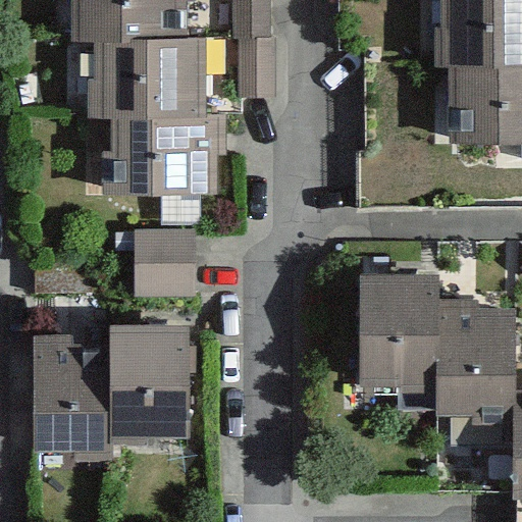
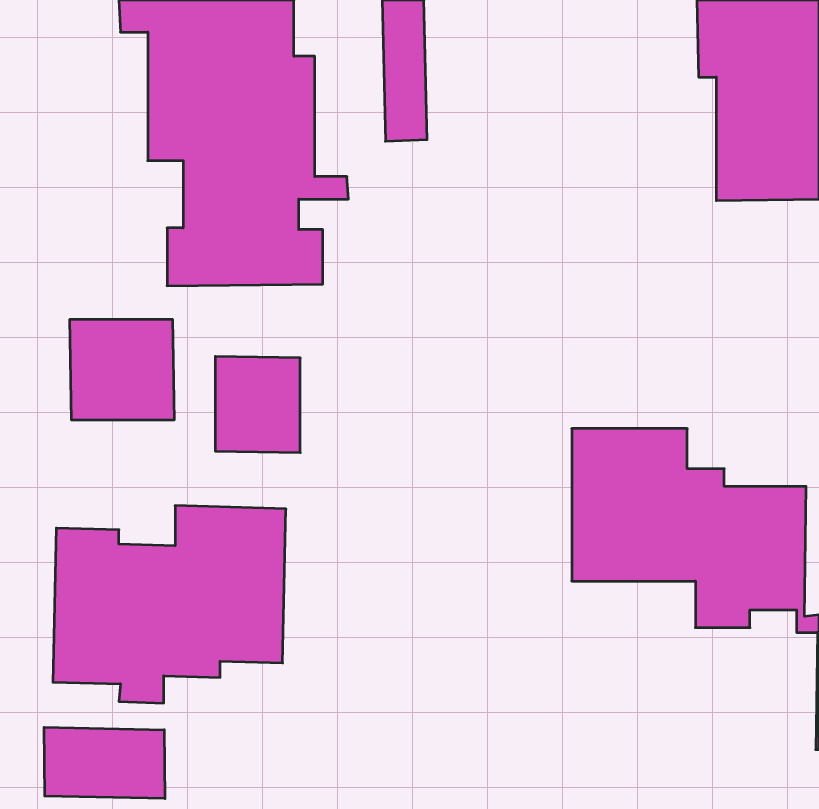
building: none -> [70,319,174,420]
building: none -> [44,727,165,799]

